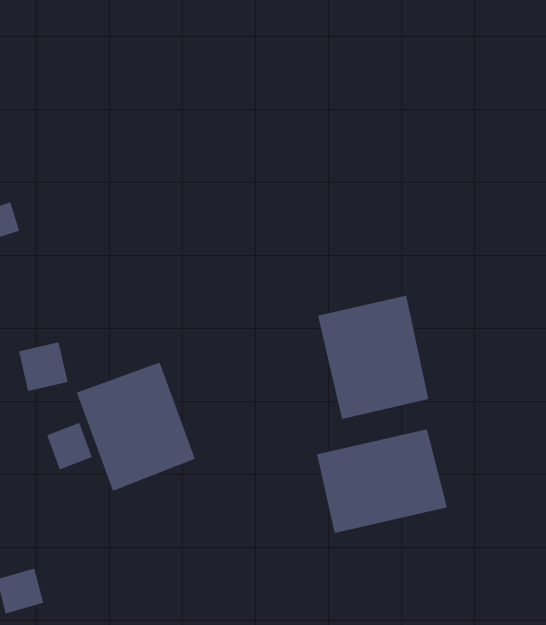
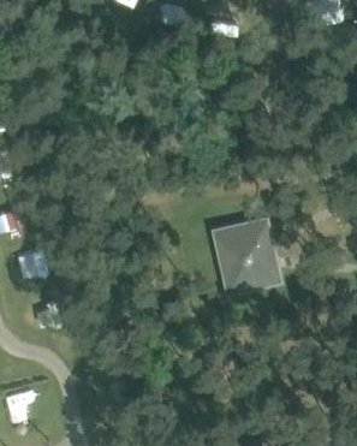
building: [76,362,196,492] -> none
building: [316,429,448,534] -> none

